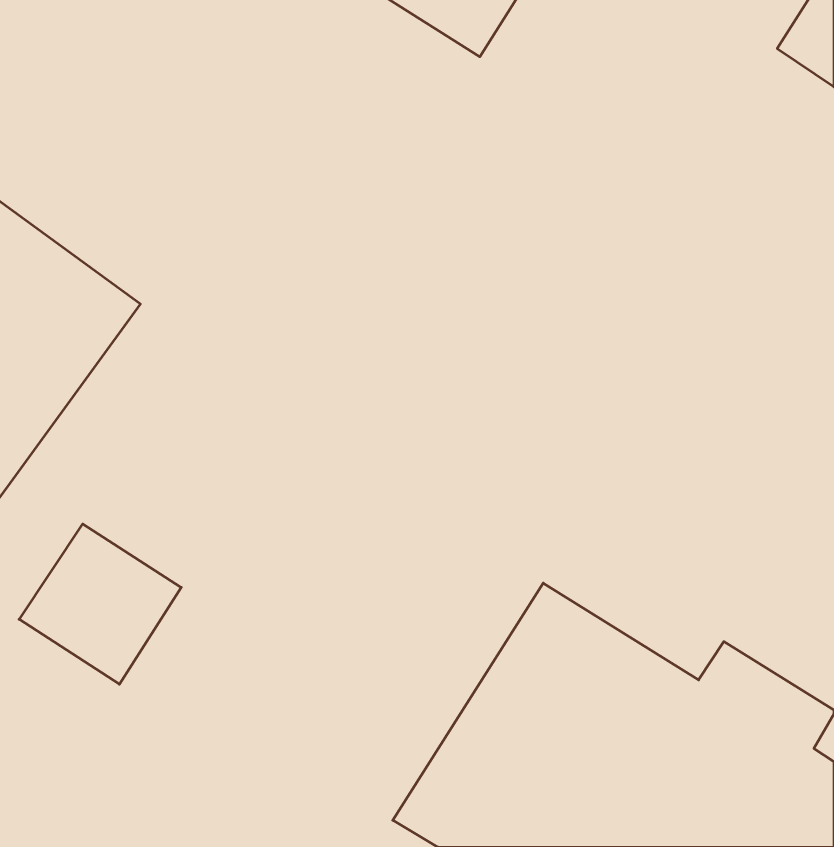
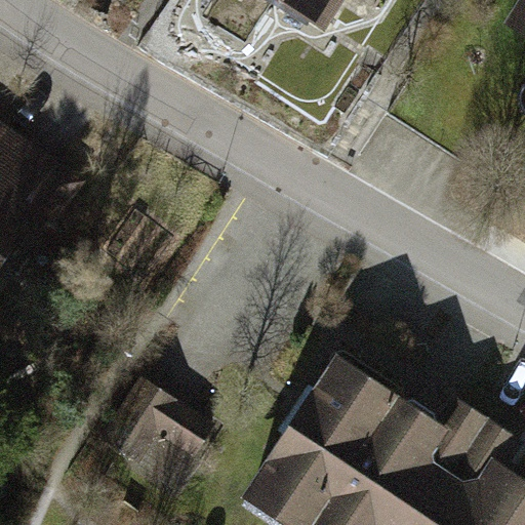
building: [19,524,181,684] -> [99,385,199,483]

